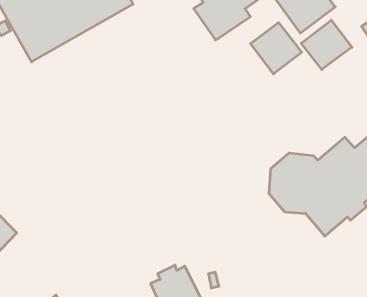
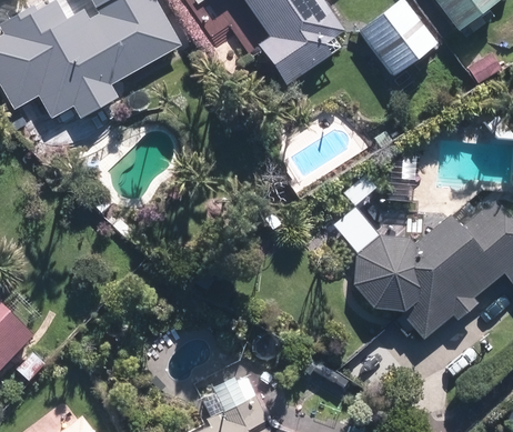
building: [301,20,352,70] -> none
building: [251,23,302,74] -> none

